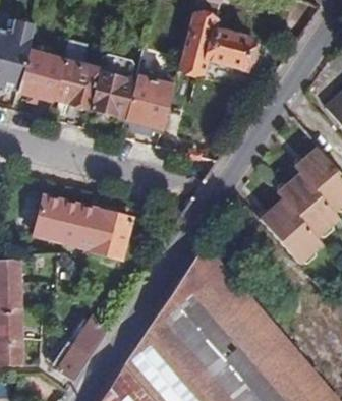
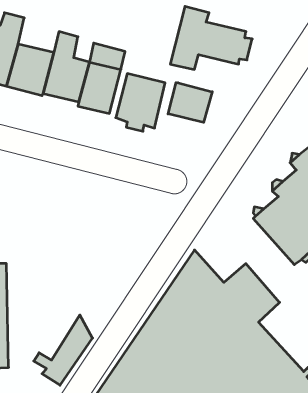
building: none -> [168,83,212,122]
building: [30,197,127,259] -> none

